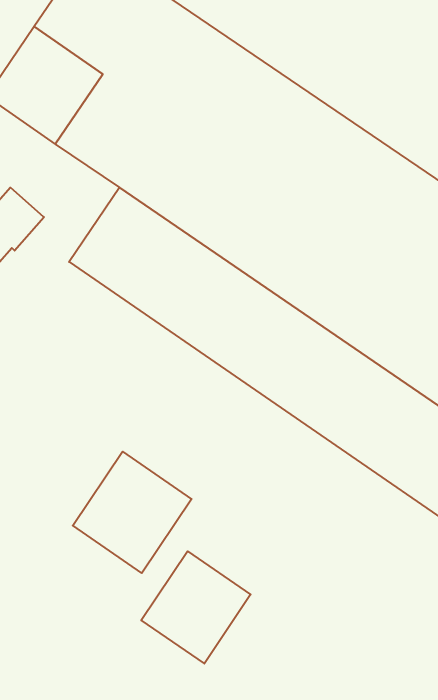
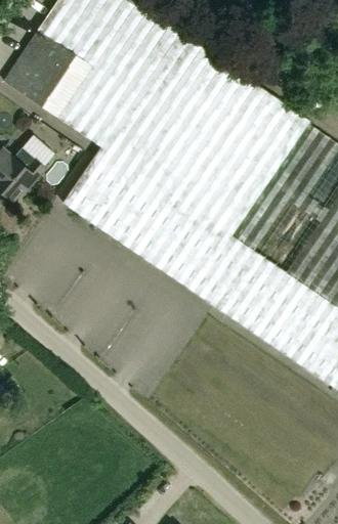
building: [73,452,192,573] -> none
building: [141,551,251,664] -> none

